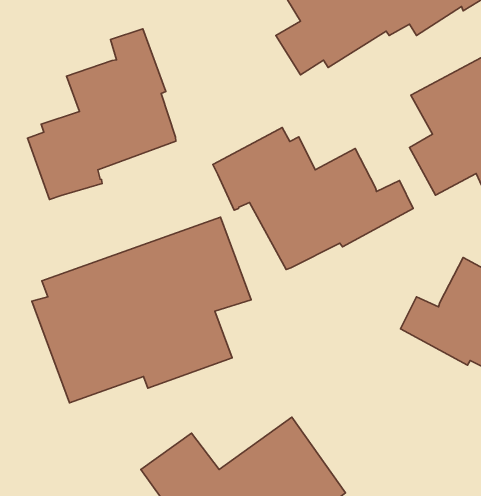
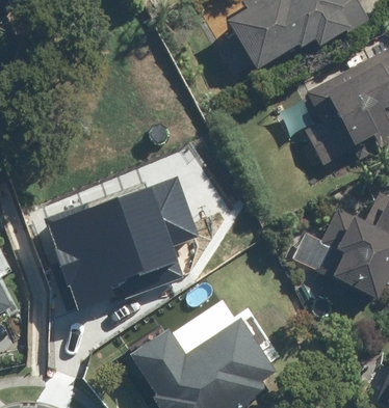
building: [28,29,176,199] -> none
building: [213,127,413,270] -> none

